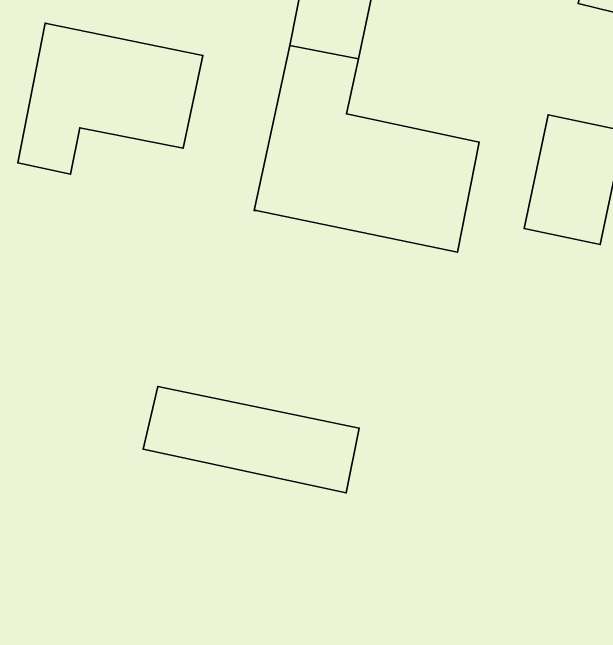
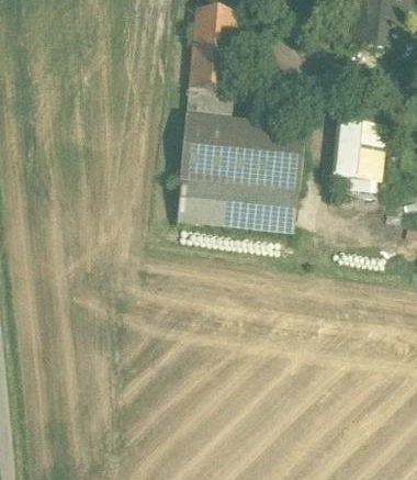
building: [18,23,203,174] -> none
building: [143,387,359,493] -> [177,183,297,232]

